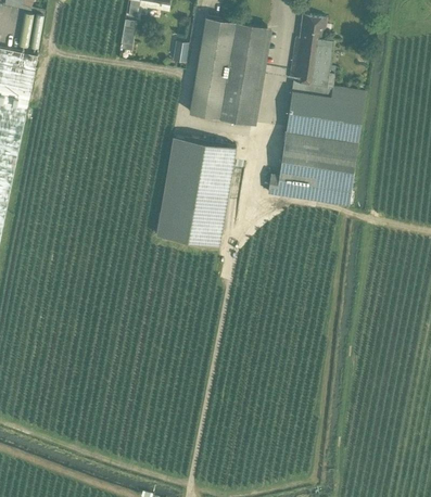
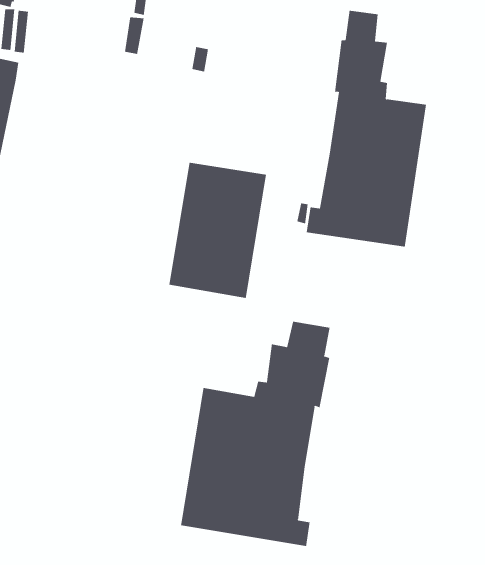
building: [190,17,267,124] -> none
building: none -> [181,321,330,547]

